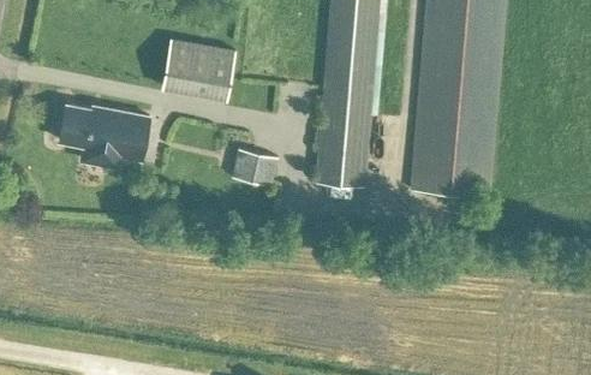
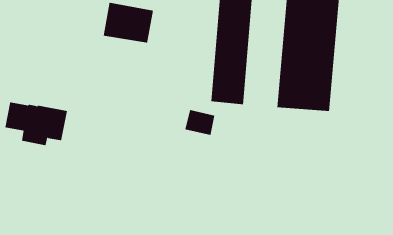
building: [58,103,149,167] -> [4,102,68,146]
building: [232,148,276,185] -> [184,110,215,135]

